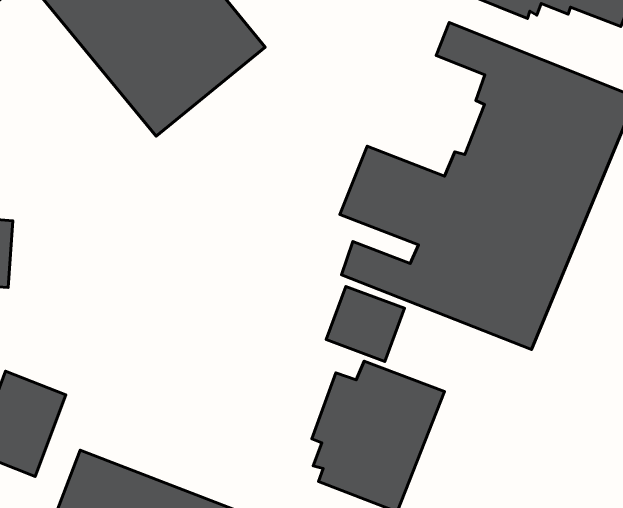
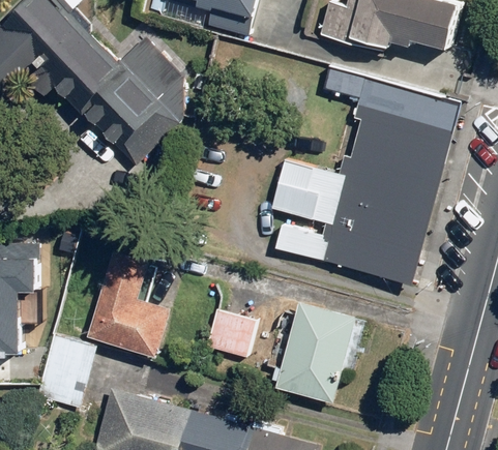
building: none -> [79,249,170,360]
building: [326,286,405,361] -> [204,311,256,360]

